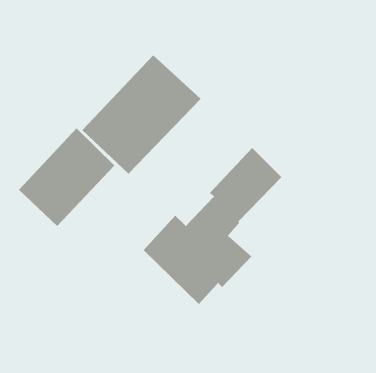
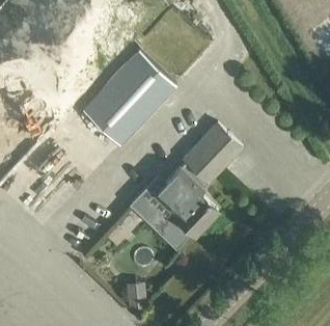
building: [18,127,115,227] -> none

